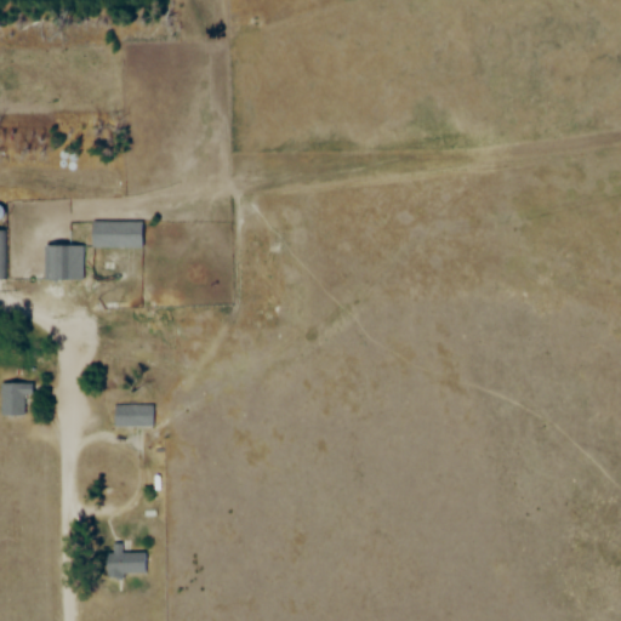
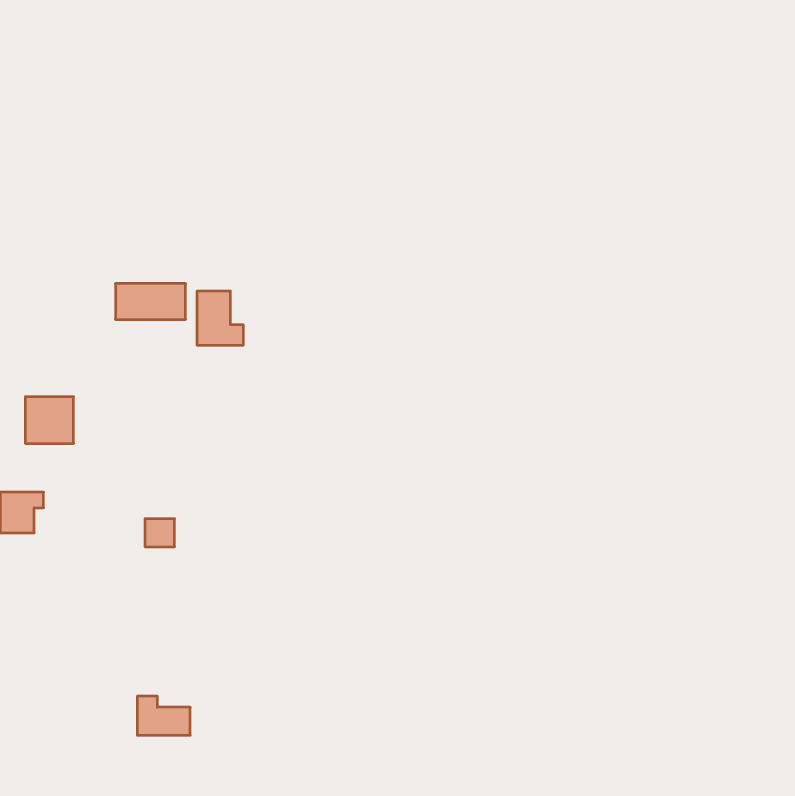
building: none -> [197,291,243,345]
building: [45,245,82,281] -> [25,397,74,443]

